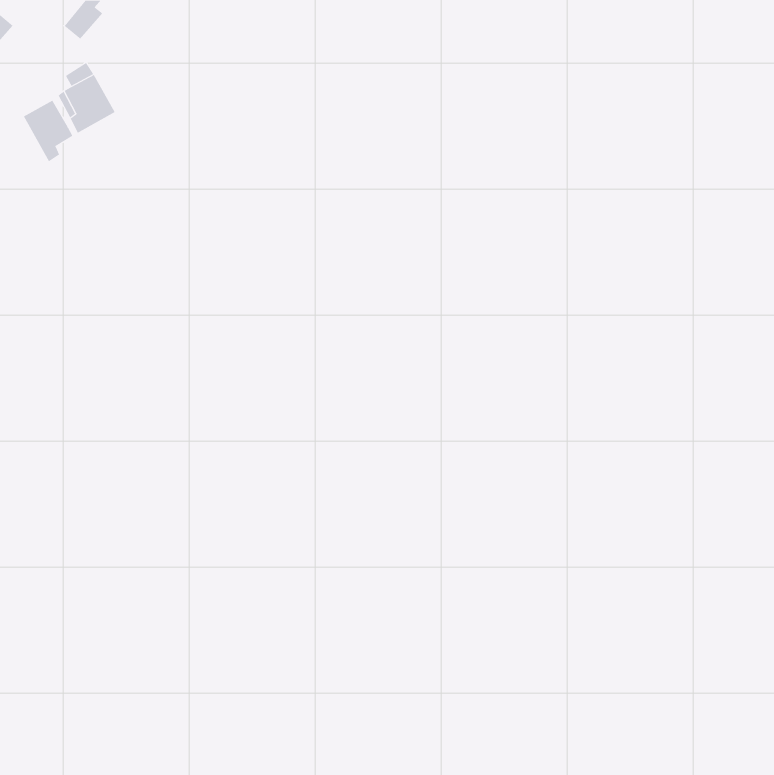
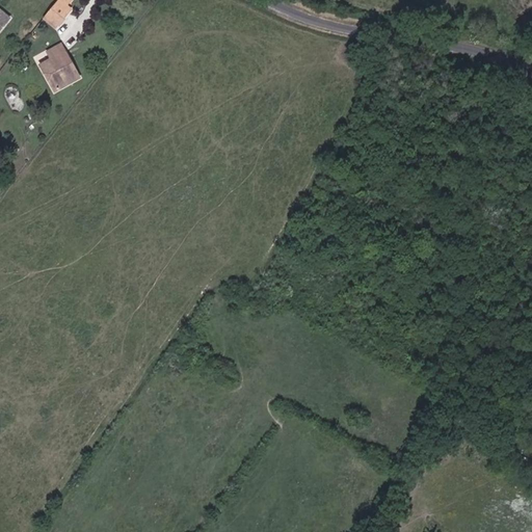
building: [23,100,73,162] -> none

